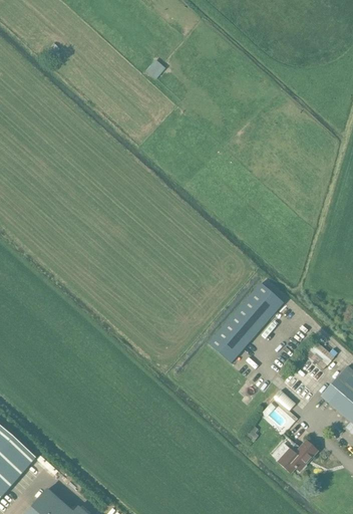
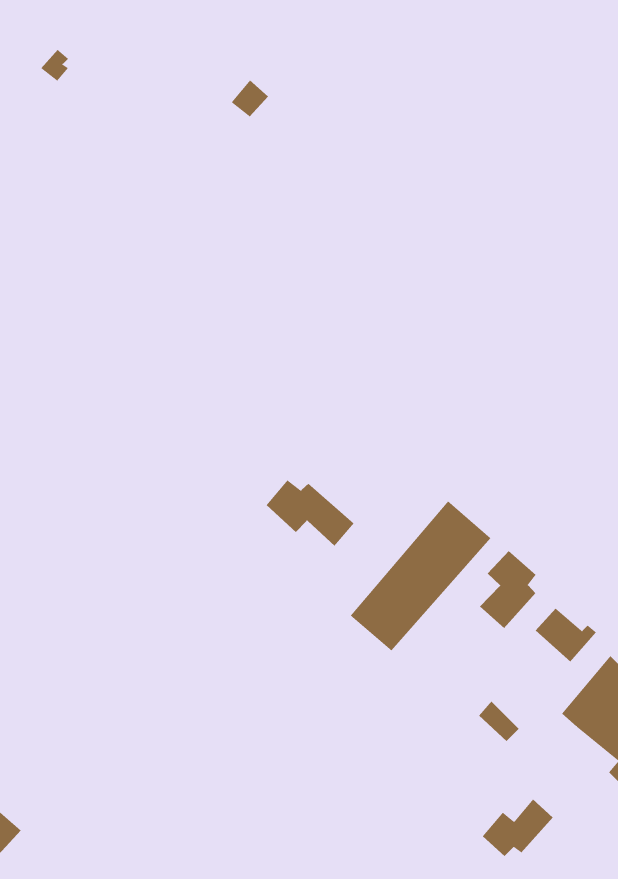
building: none -> [266,479,355,546]
building: none -> [479,550,537,629]

